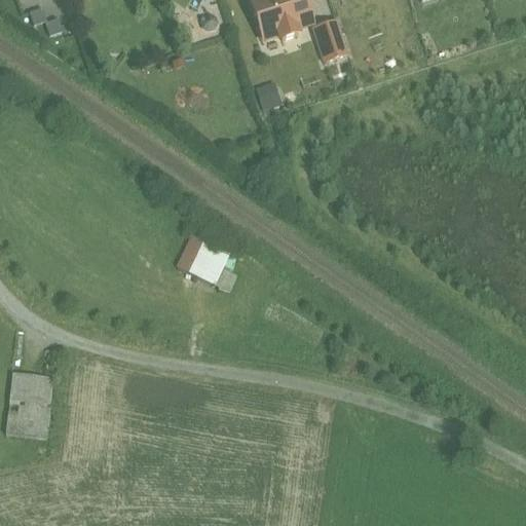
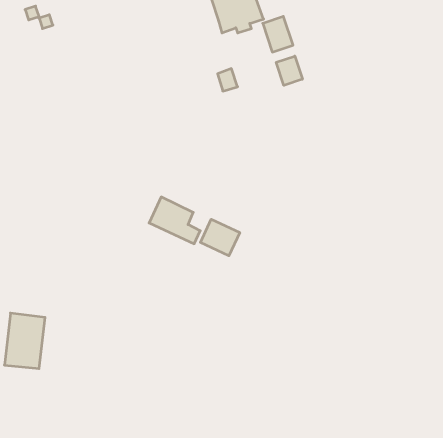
building: none -> [276,56,302,85]
building: none -> [200,219,240,256]

